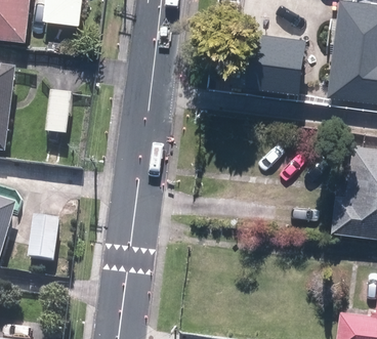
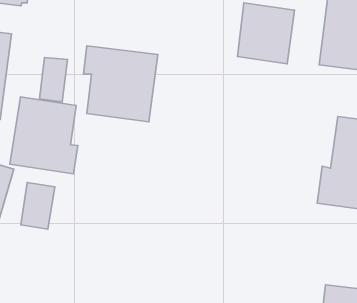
building: none -> [83,46,158,122]
building: none -> [10,97,78,174]

